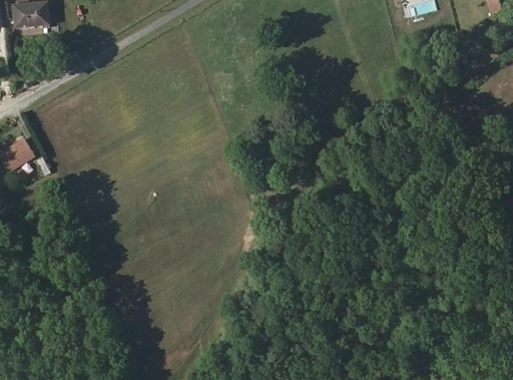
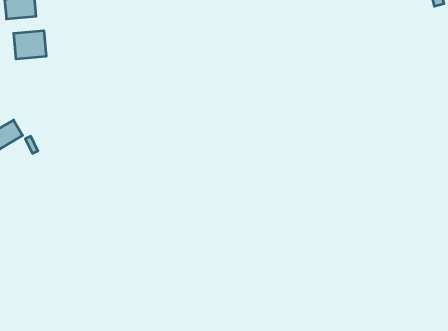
building: none -> [14,31,46,59]

